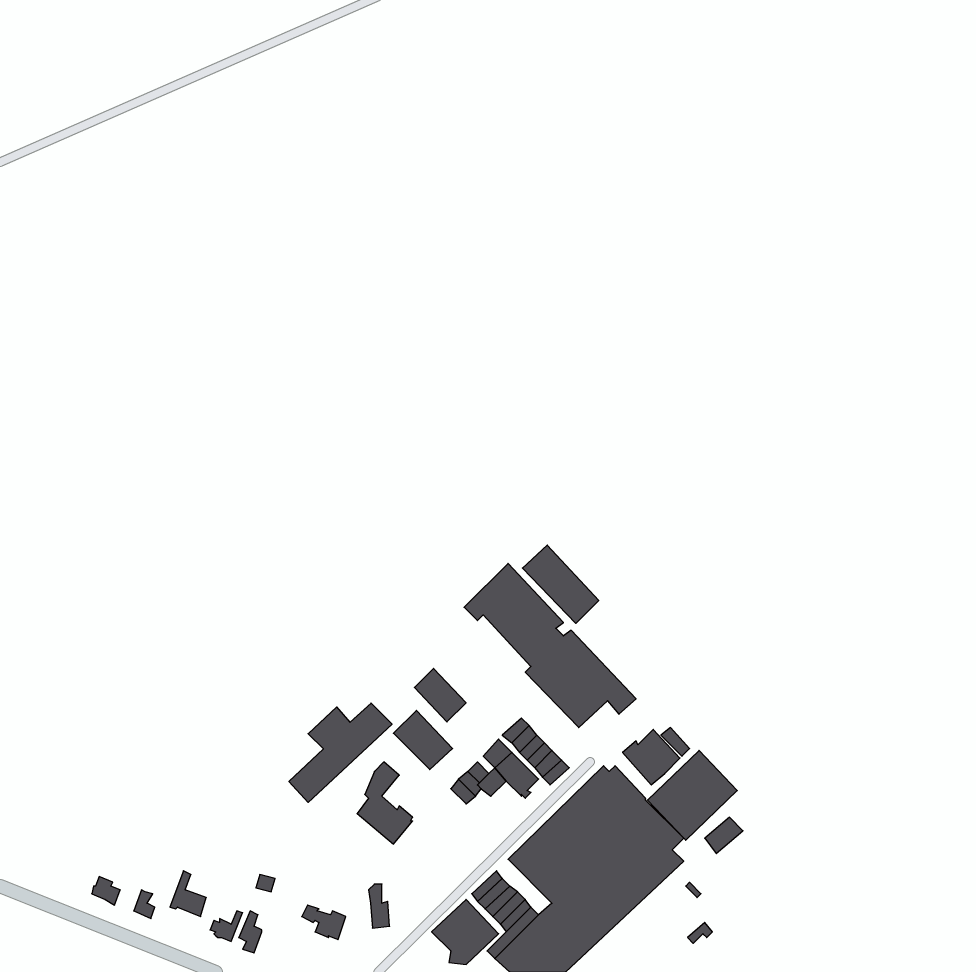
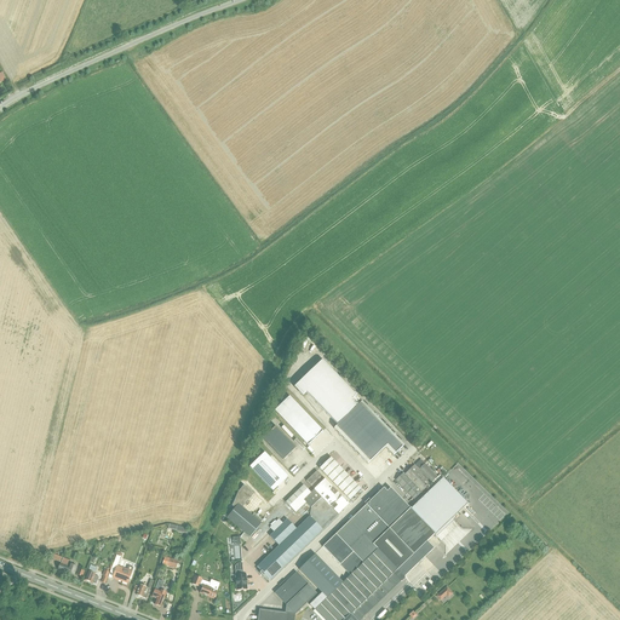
building: [522,545,599,623] -> [274,394,322,443]
building: [289,703,392,802] -> [257,515,322,578]

